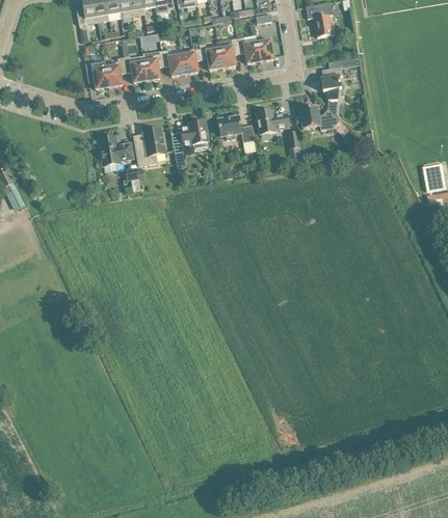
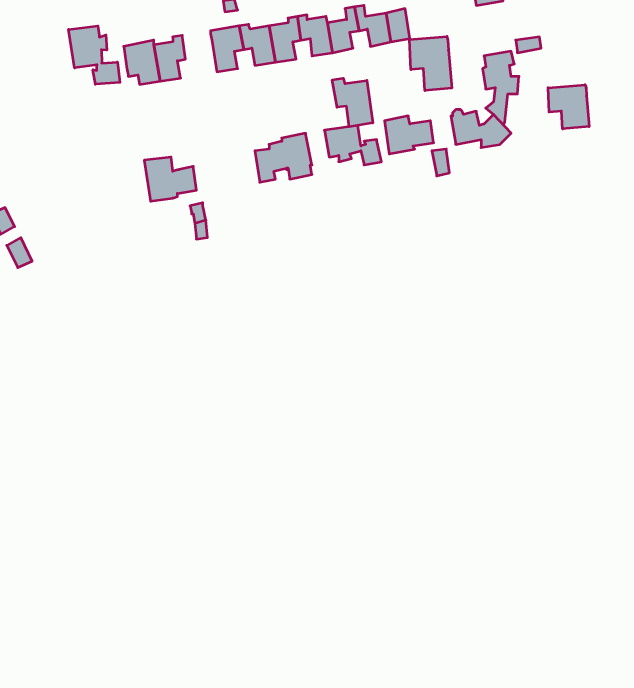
building: none -> [69,26,120,84]
building: [124,54,147,81] -> none
building: none -> [410,36,452,91]
building: none -> [332,78,373,127]
building: none -> [548,85,589,129]
building: [136,126,166,164] -> none

